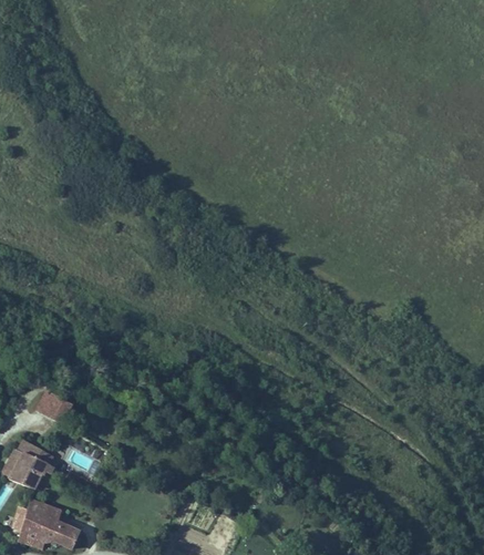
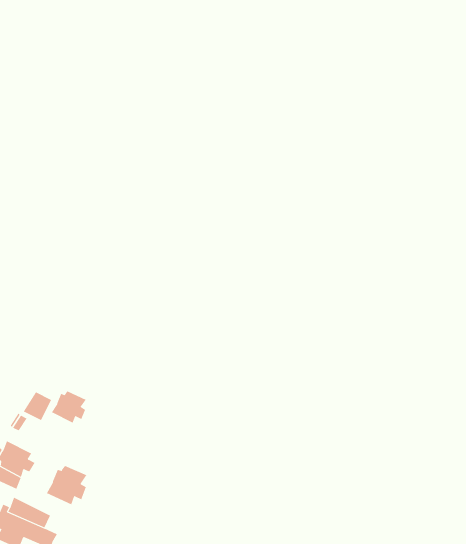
building: none -> [51,390,86,423]
building: none -> [46,465,87,505]

